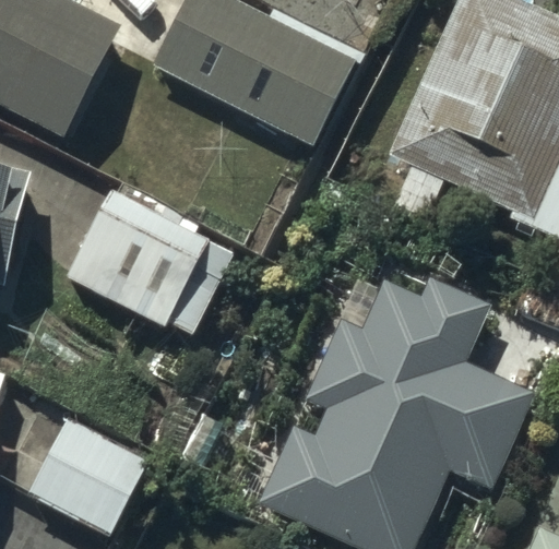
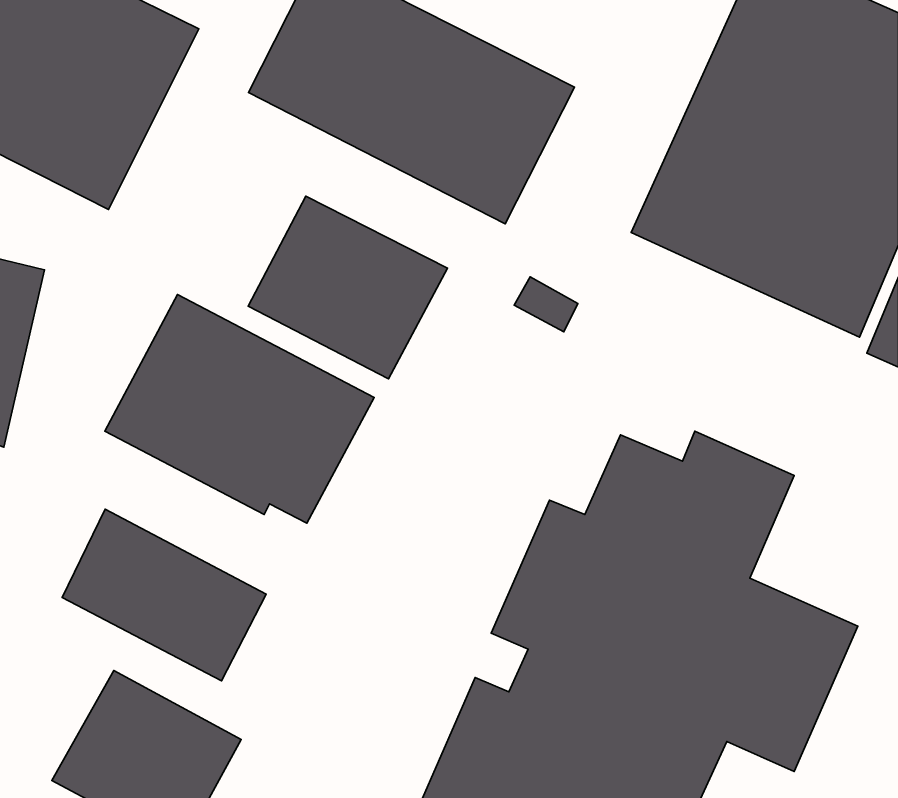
building: none -> [248,196,447,379]
building: none -> [62,509,266,681]

